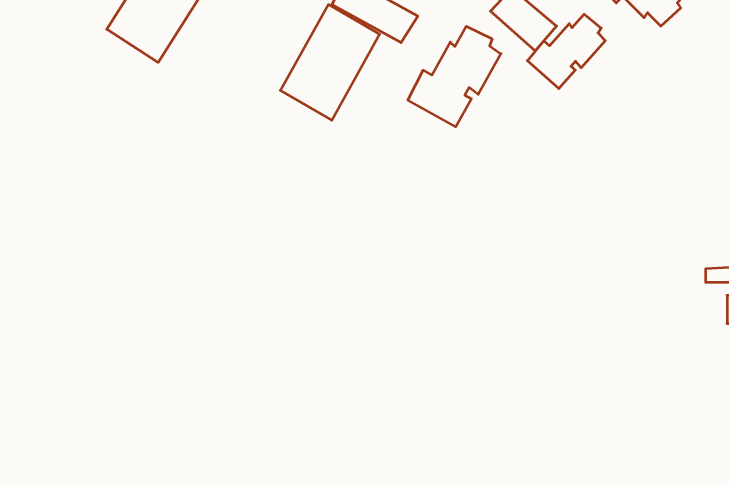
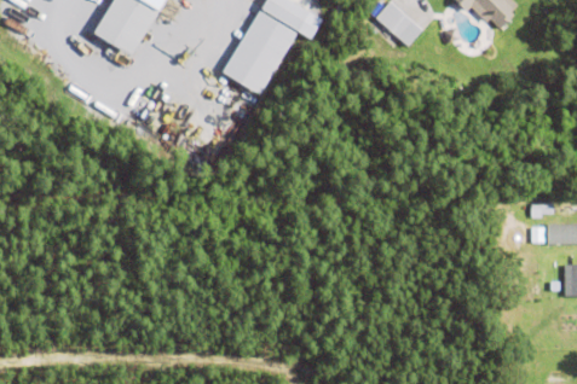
building: [527,14,605,89] -> none
building: [408,26,501,127] -> none

